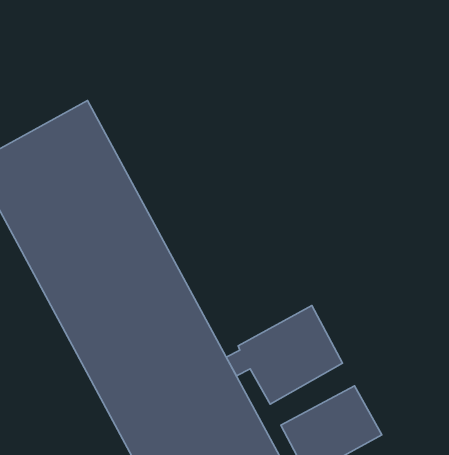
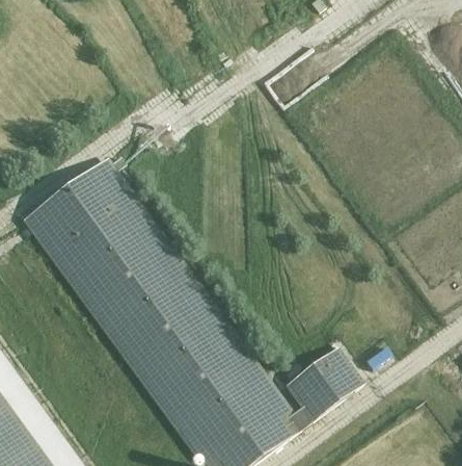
building: [226,306,343,404] -> none

